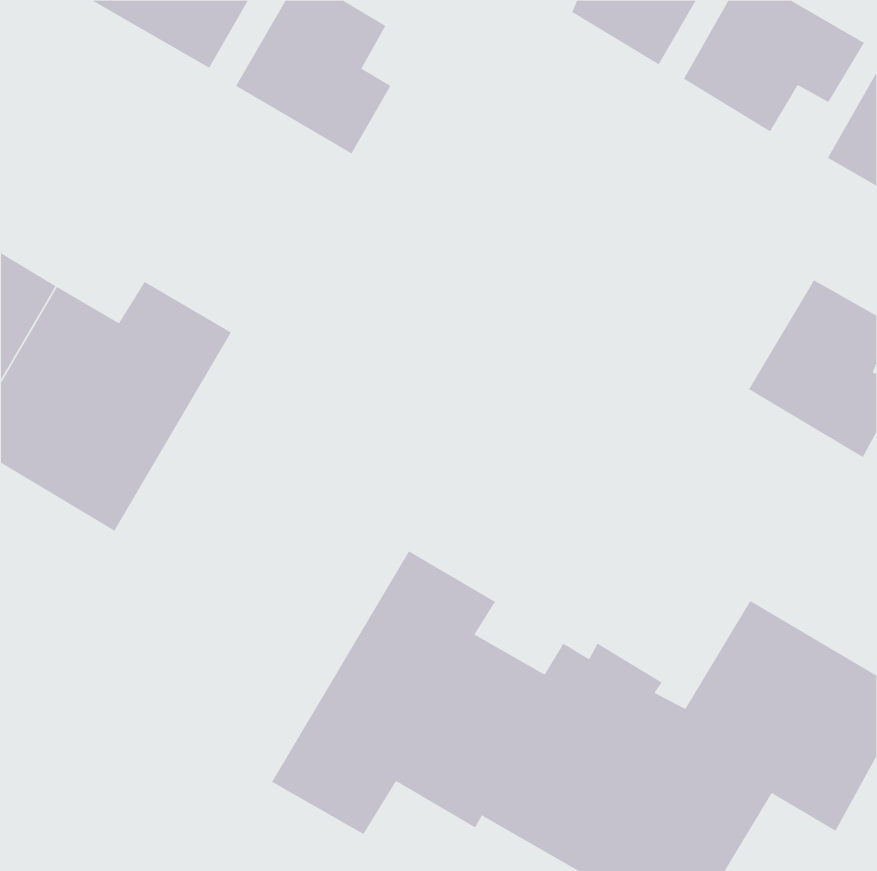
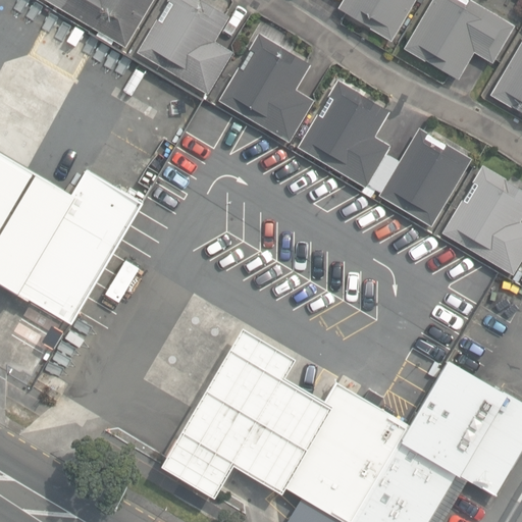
building: none -> [220,36,313,143]
building: none -> [298,80,469,223]

